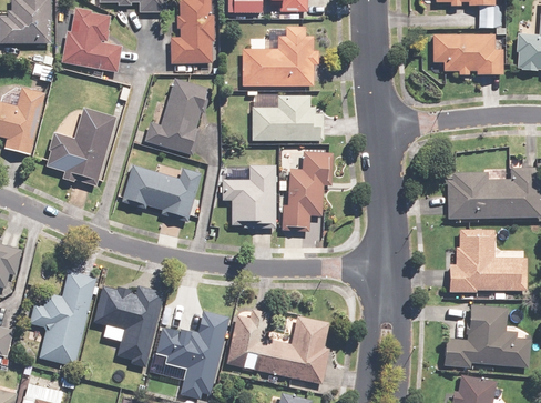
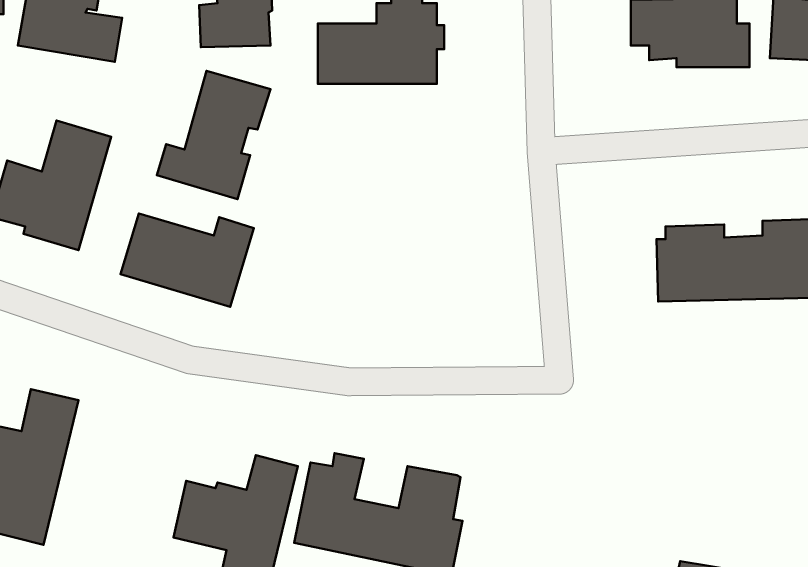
building: [253,97,324,140] -> none
building: [282,150,334,231] -> none
building: [223,165,276,228] -> none
building: [448,229,528,292] -> none
building: [94,284,164,366] -> none
building: [443,304,530,367] -> none

